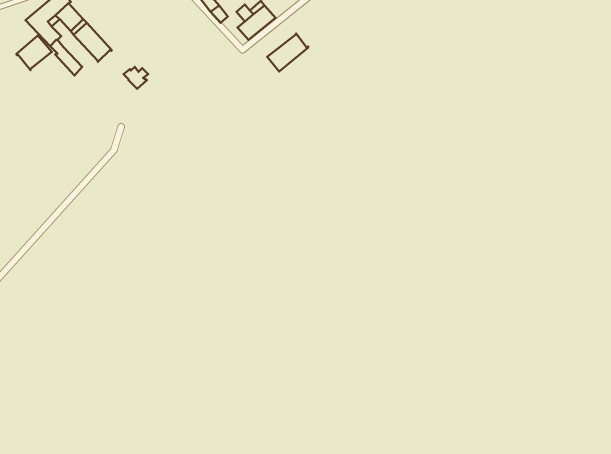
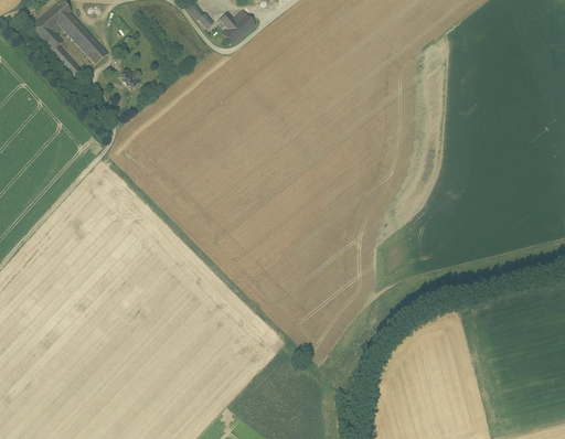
building: [267,33,308,71] -> none
building: [17,36,52,70] -> none

